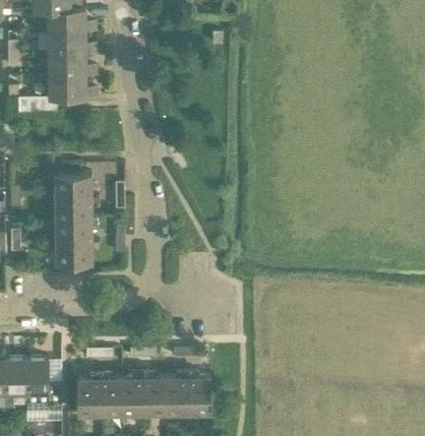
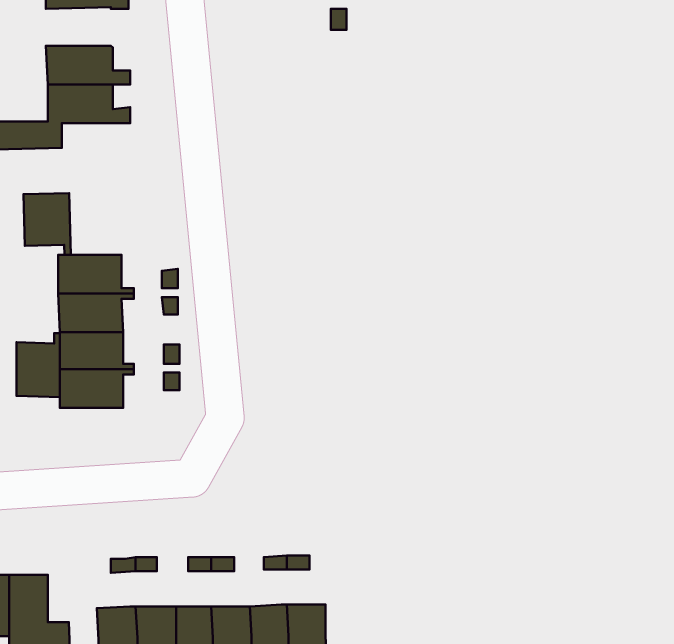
building: [47,29,96,53] -> none
building: none -> [24,193,71,255]
building: none -> [17,333,60,397]

